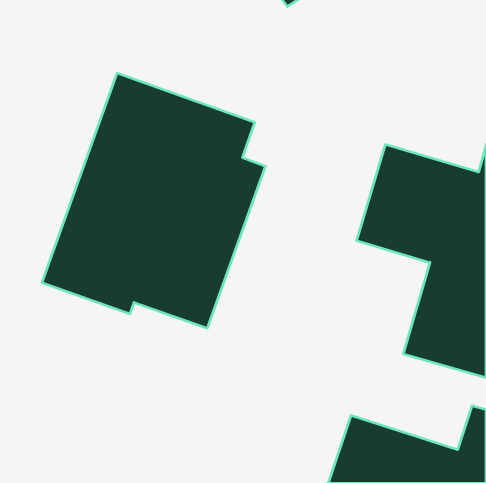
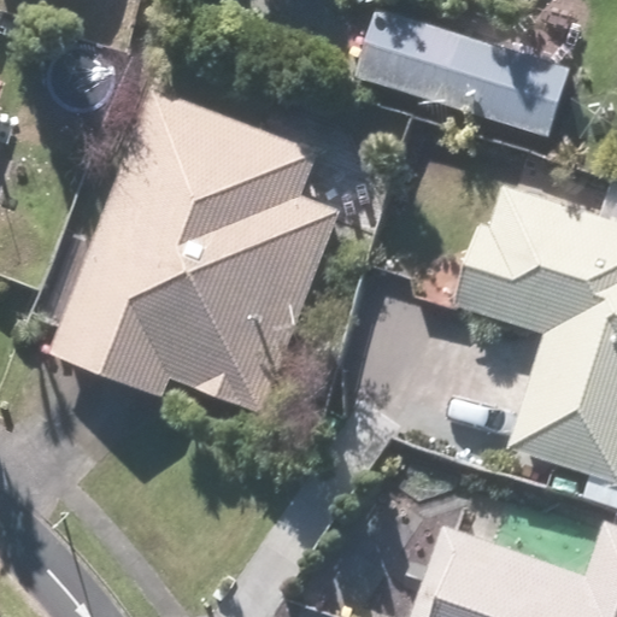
building: none -> [368,10,574,140]

